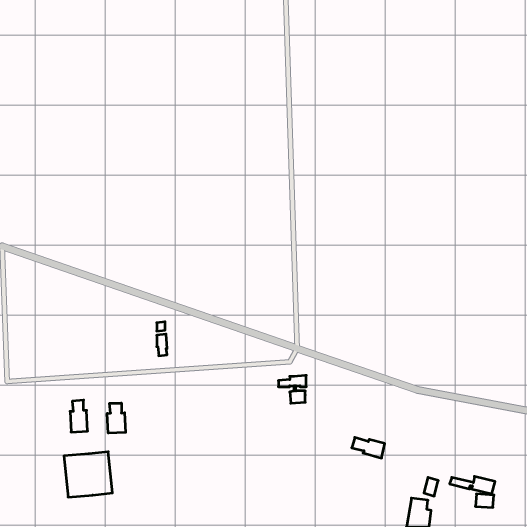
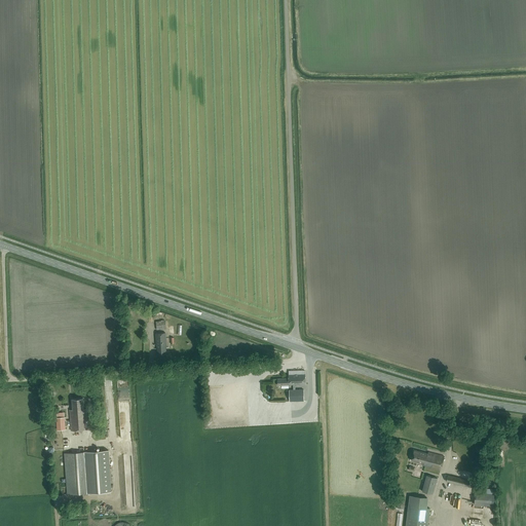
building: [107,403,126,433] -> none
building: [352,437,385,458] -> [411,450,444,471]

